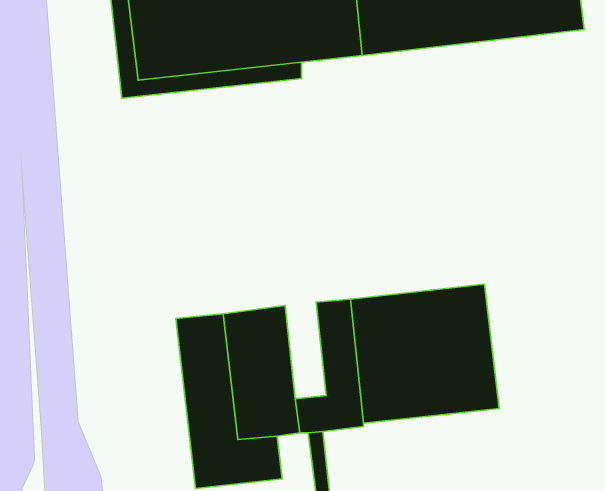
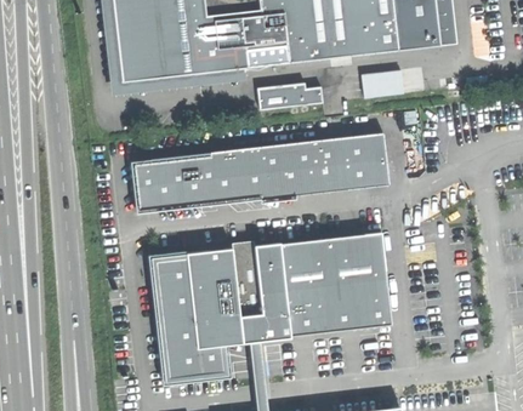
building: none -> [360,70,404,98]
building: none -> [258,84,323,108]
building: none -> [136,132,390,209]
building: none -> [233,240,263,316]

